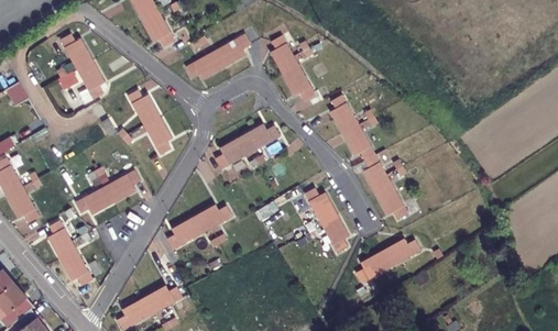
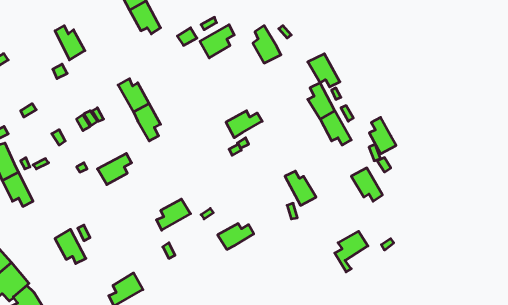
building: [185,49,223,79] -> none
building: [75,59,103,99] -> none
building: [282,64,316,99] -> [308,54,340,87]
building: [216,135,250,168] -> none
building: [362,154,391,192] -> [369,117,396,154]
building: [75,185,114,214] -> none
building: [194,205,232,232] -> [218,224,254,249]
building: [320,214,348,252] -> none
building: [48,220,80,258] -> none
building: [382,236,420,266] -> none
building: [143,284,182,317] -> none

